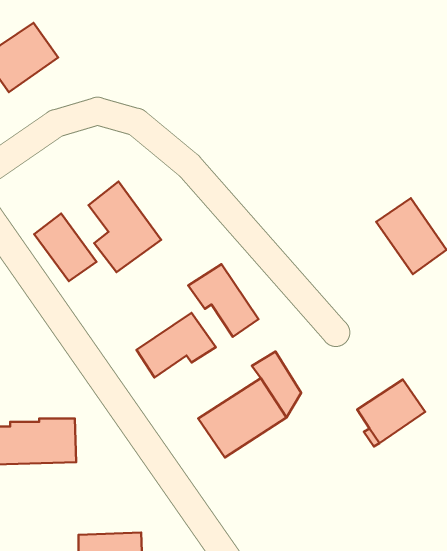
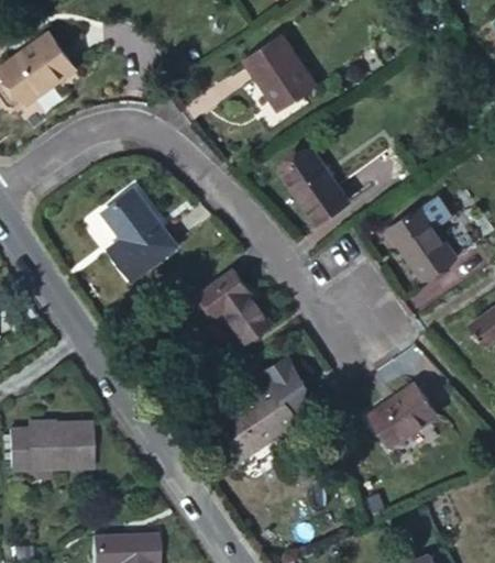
building: none -> [244,35,316,110]
building: none -> [278,150,348,224]
building: [34,214,96,281] -> none
building: [136,313,216,378] -> none

